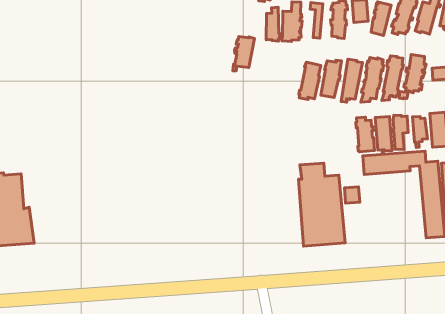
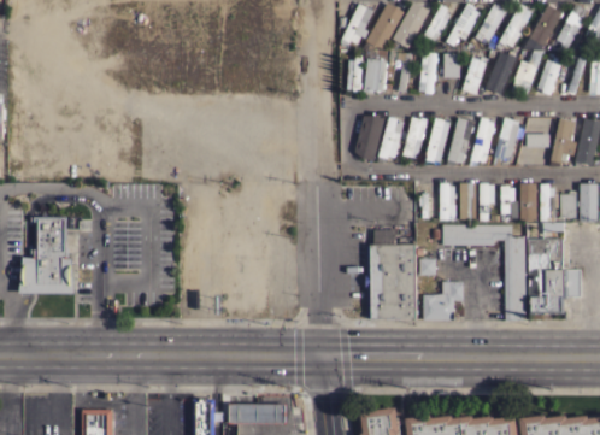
building: [233,36,255,71] -> [355,118,382,155]
building: none -> [424,282,464,321]

